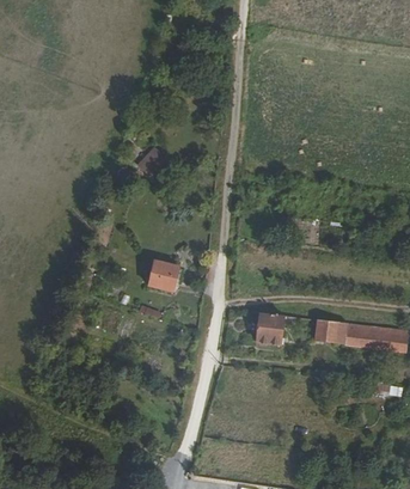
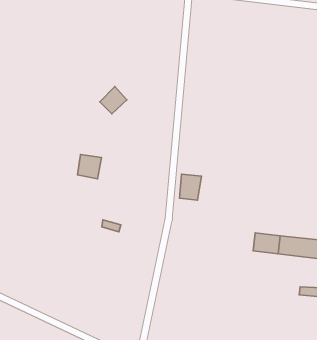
building: [145,259,173,288] -> [77,155,101,179]
building: [258,312,284,343] -> [179,174,201,200]

